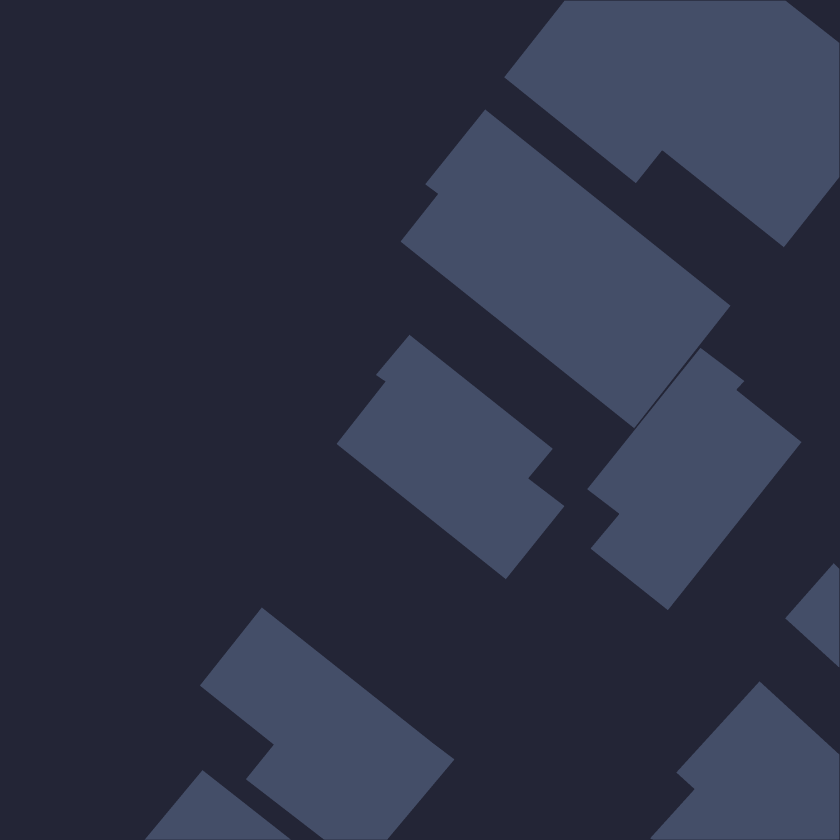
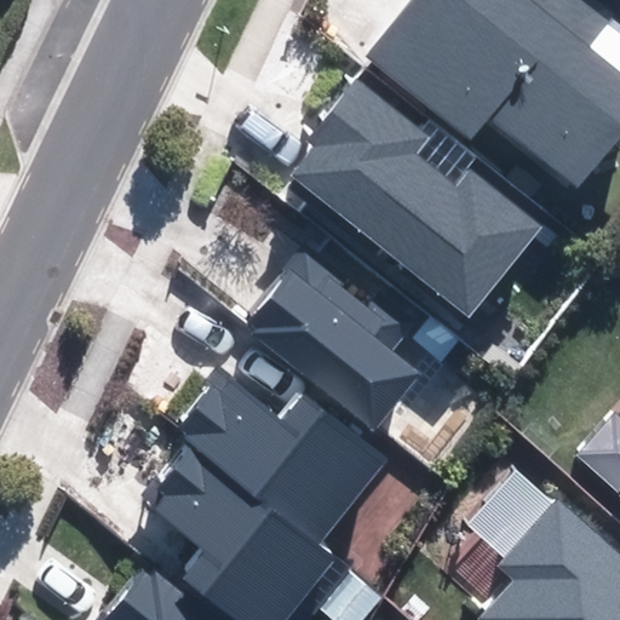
building: [586,347,803,611] -> none
building: none -> [178,377,386,547]

